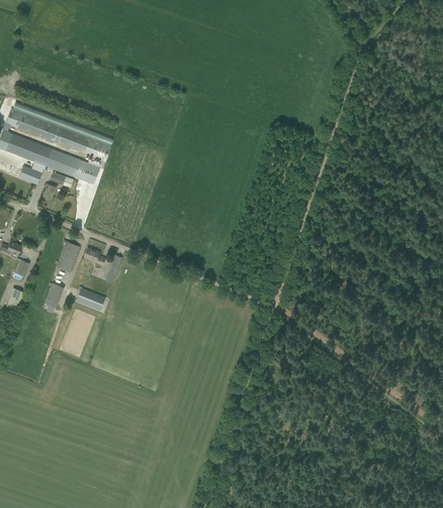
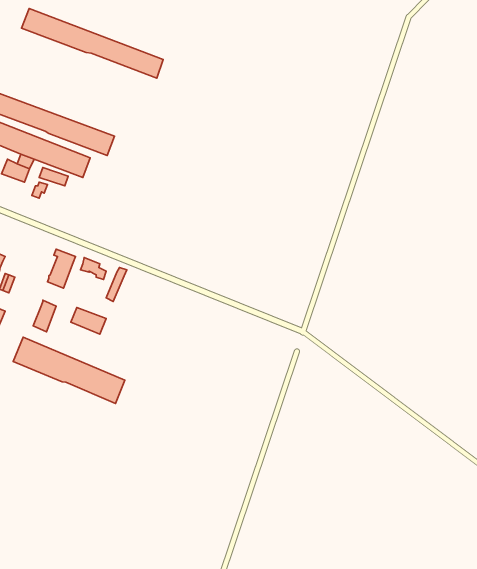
building: none -> [22,8,163,78]
building: none -> [13,337,125,403]

